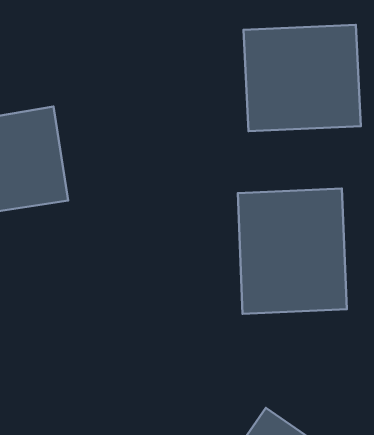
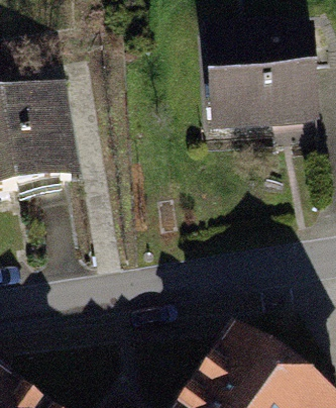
building: [238,189,347,314] -> none

